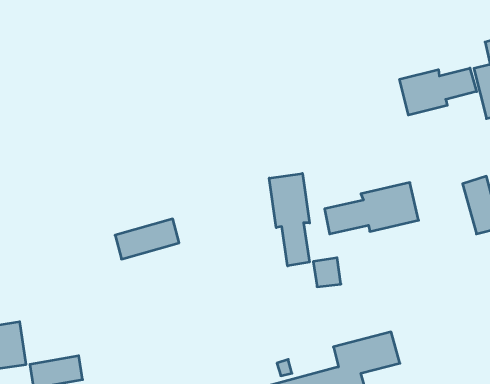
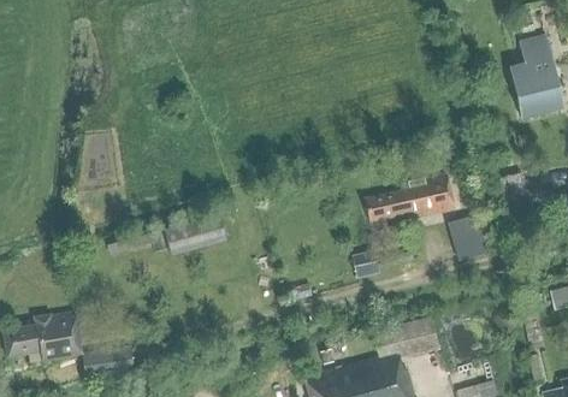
building: [400,68,477,115] -> none
building: [269,173,310,266] -> none
building: none -> [449,219,486,266]

